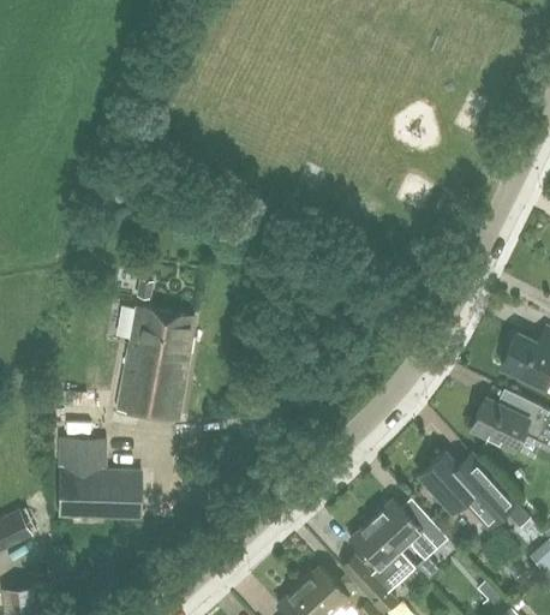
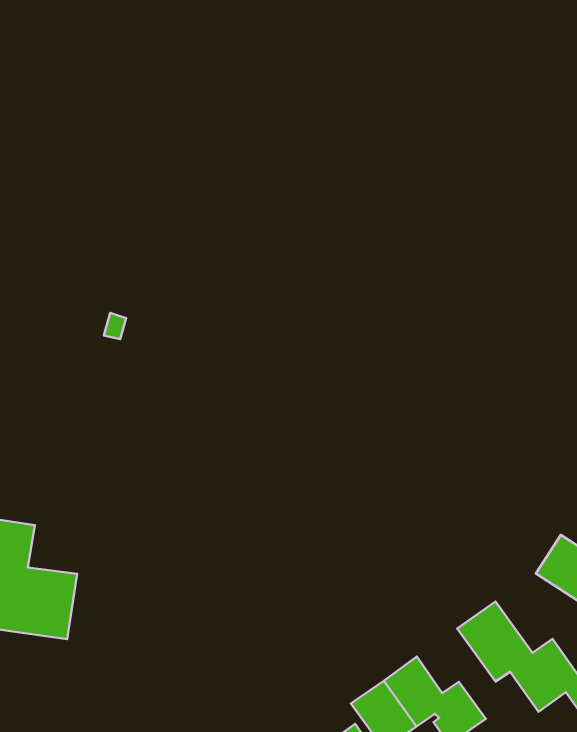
building: [118,308,195,422] -> none

